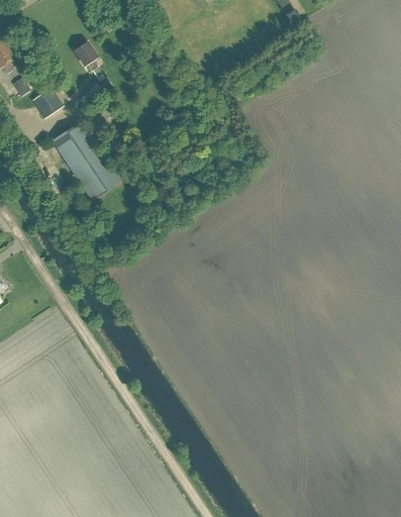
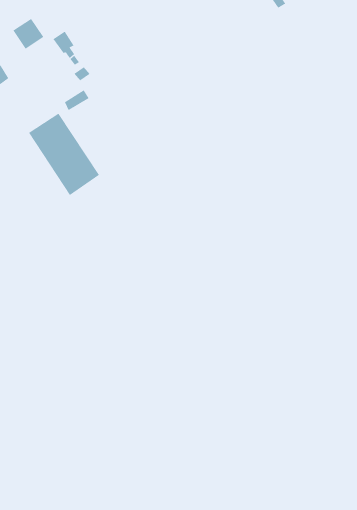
building: [32,88,63,118] -> [13,18,44,50]

